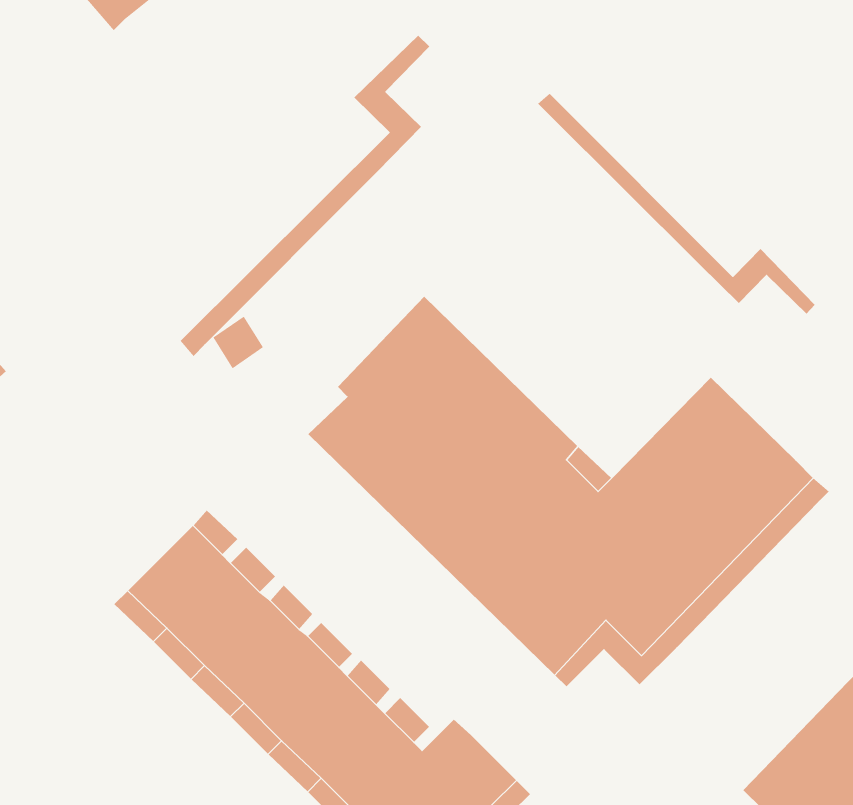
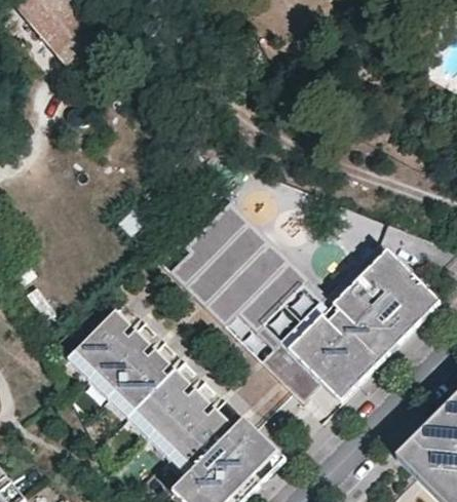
building: [180,35,430,357] -> none
building: [537,93,816,314] -> none

